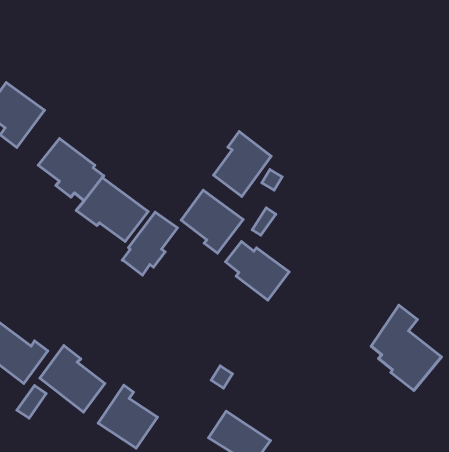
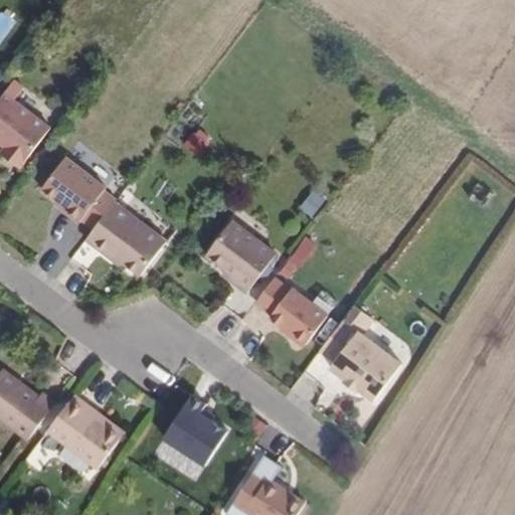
building: [214,132,271,196] -> none
building: [122,212,178,275] -> none
building: [371,305,441,390] -> [320,302,399,398]
building: [98,385,158,448] -> [160,397,227,469]

